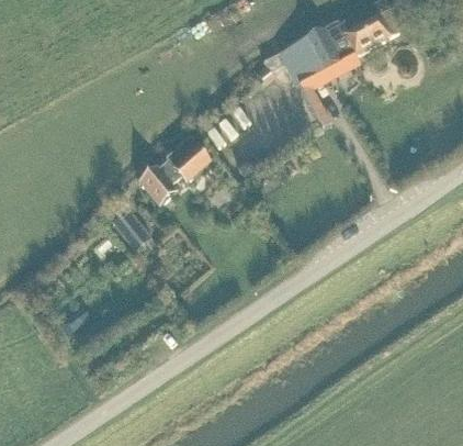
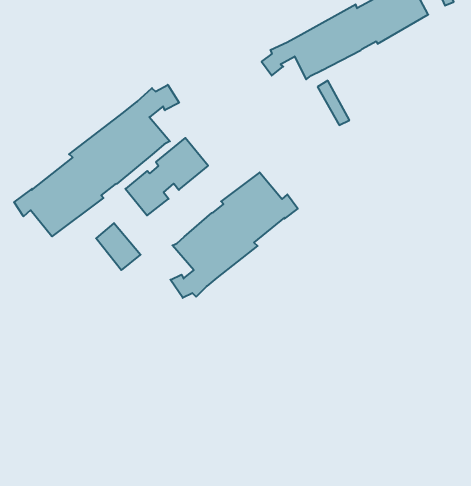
building: none -> [14,85,179,236]
building: none -> [170,172,298,298]

